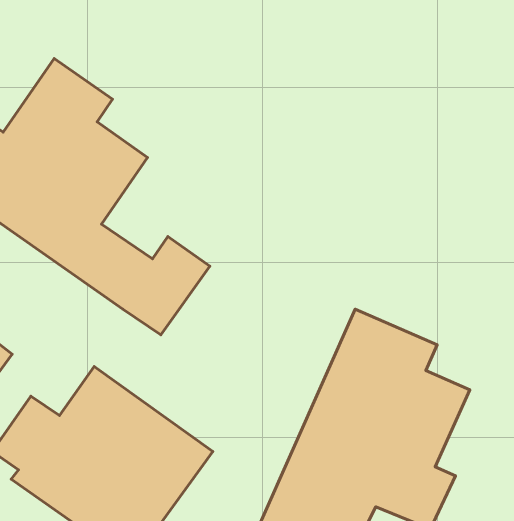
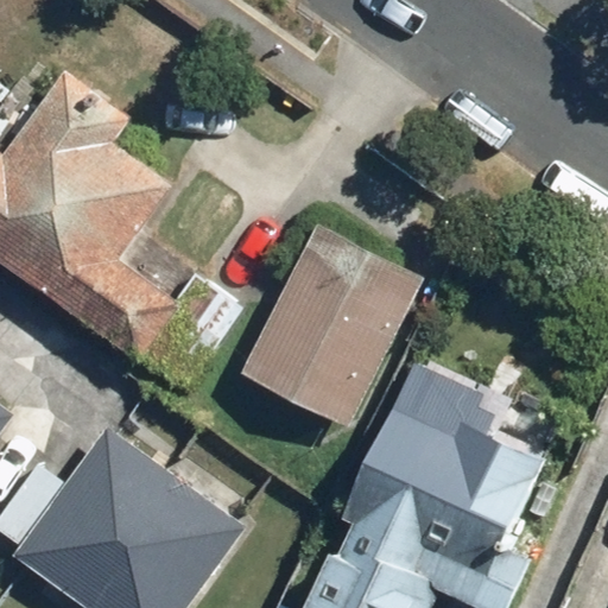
building: none -> [241,227,420,426]

